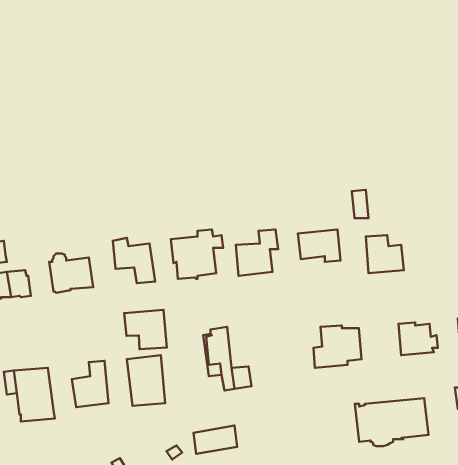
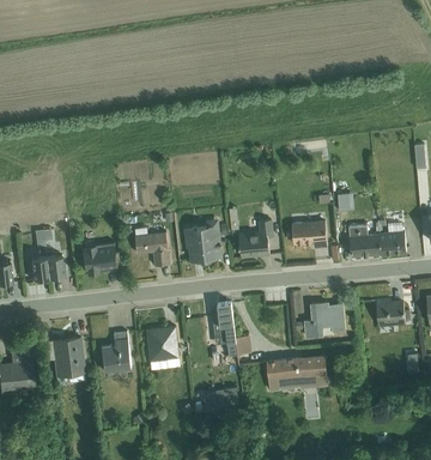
building: none -> [377,219,406,255]
building: [124,310,167,349] -> none
building: [355,398,428,446] -> [266,353,328,394]

